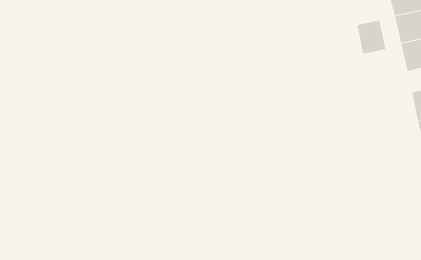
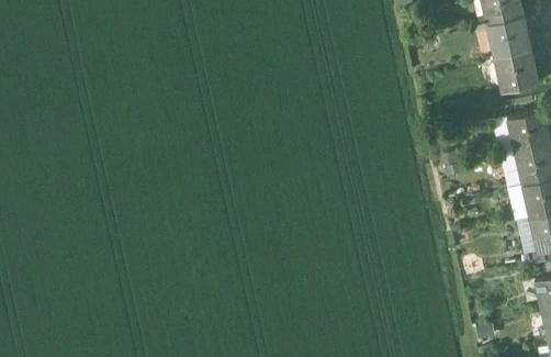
building: [357,20,386,54] -> none

